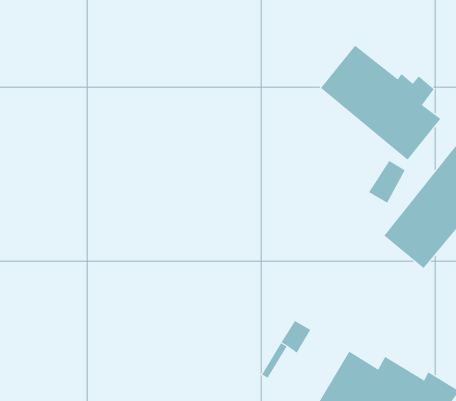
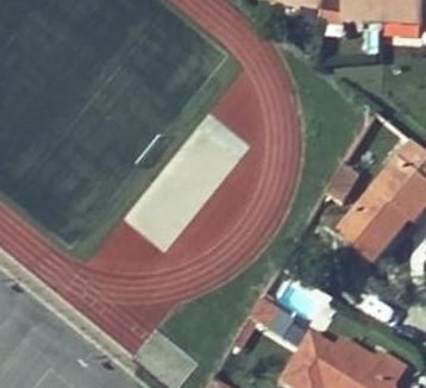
building: [320,45,441,160] -> none

